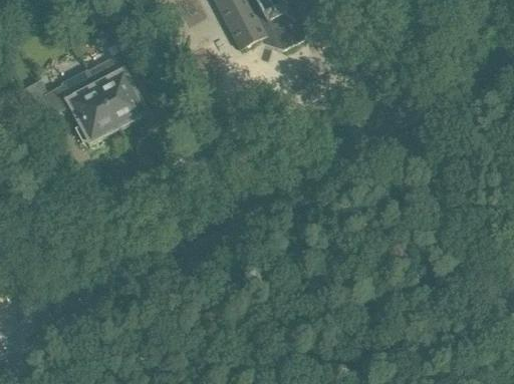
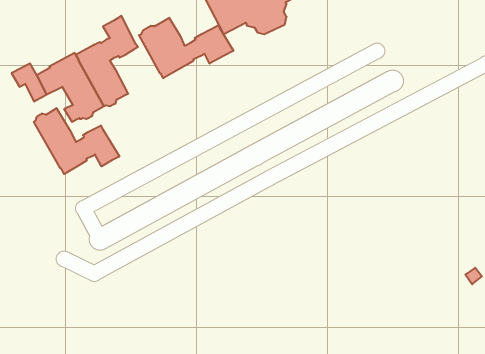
building: none -> [139,18,234,78]
building: none -> [34,108,119,174]

